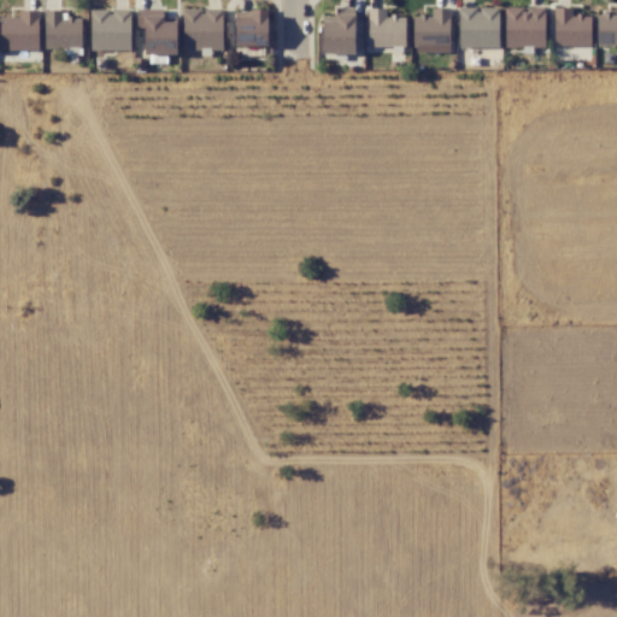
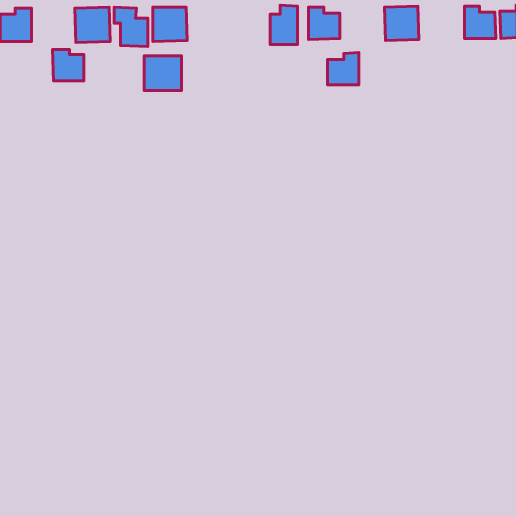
building: [413,8,451,47] -> [328,52,359,85]
building: [505,8,545,48] -> none
building: [236,10,269,47] -> none
building: [45,12,82,49] -> [52,50,84,81]
building: none -> [144,56,181,91]

